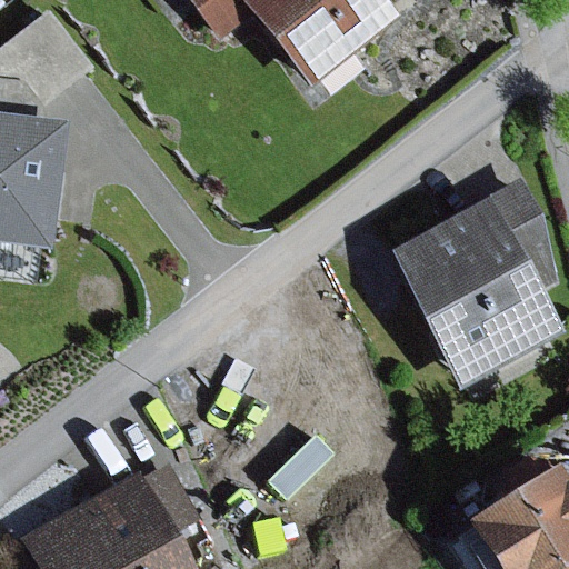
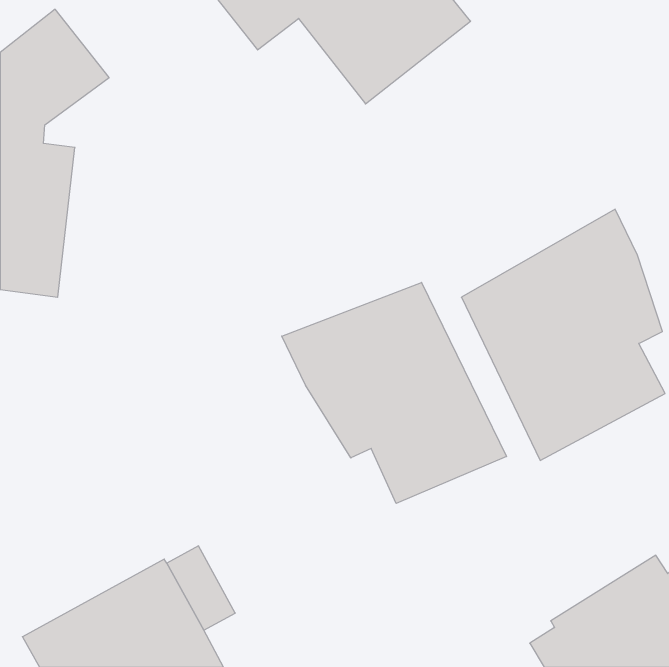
building: none -> [282,282,506,503]

